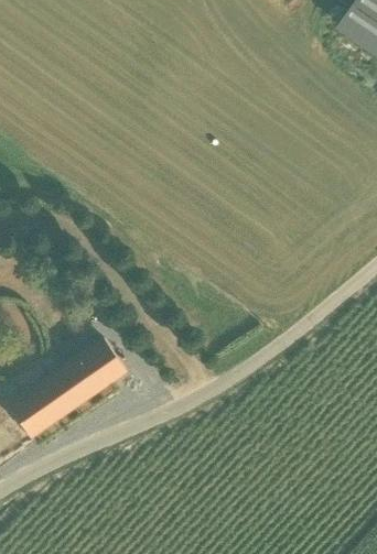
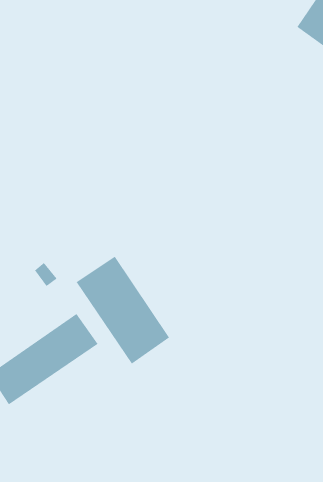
building: none -> [76,256,170,364]

